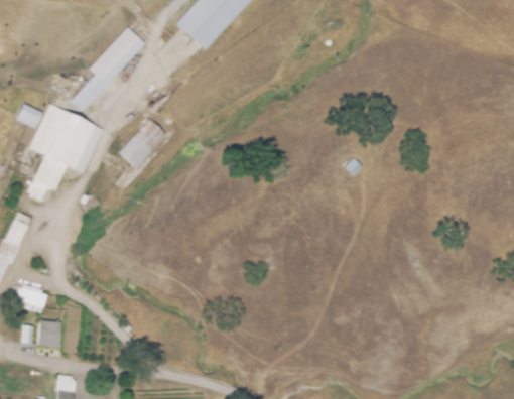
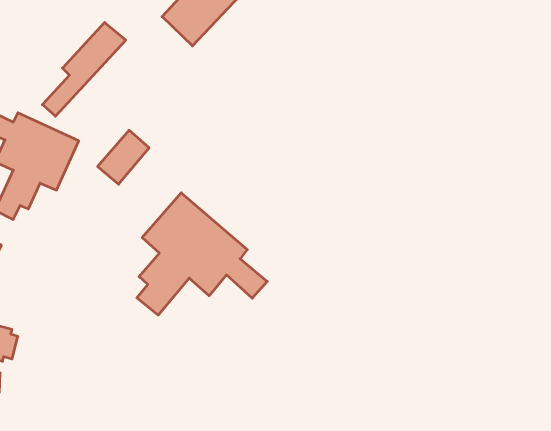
building: none -> [137,193,267,315]
building: [38,321,62,348] -> none

